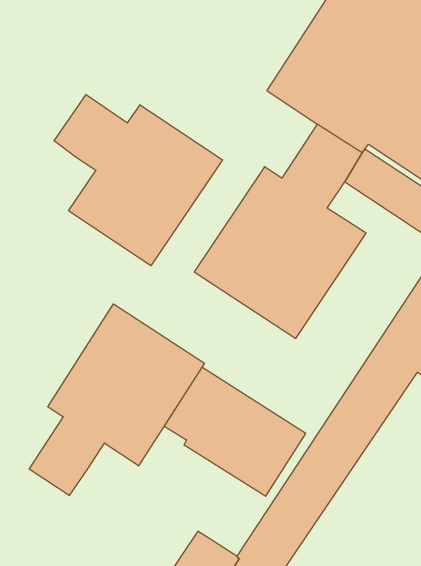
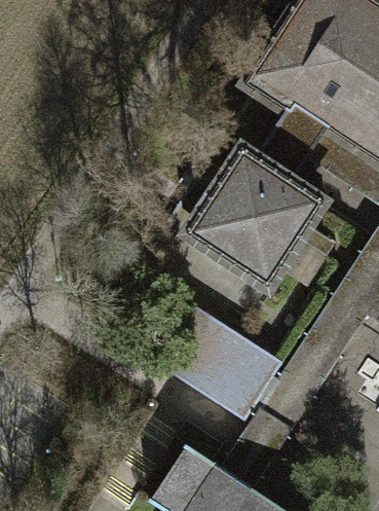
building: [54,94,223,266] -> none
building: [29,304,204,496] -> none

